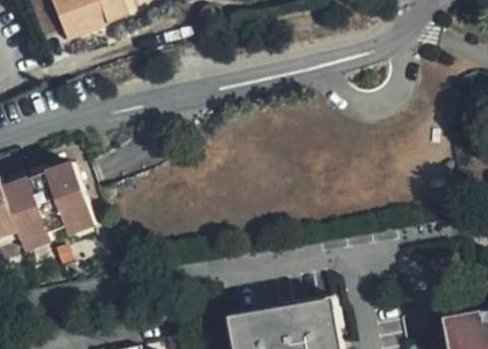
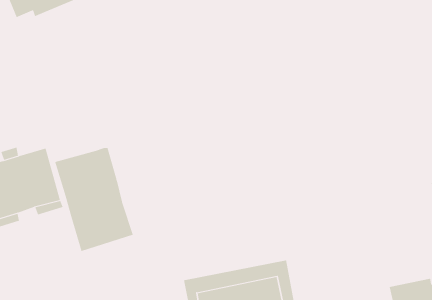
building: none -> [54,147,133,252]

